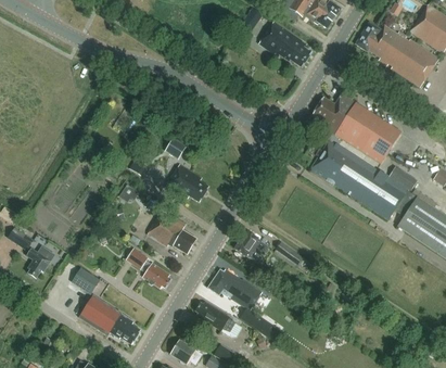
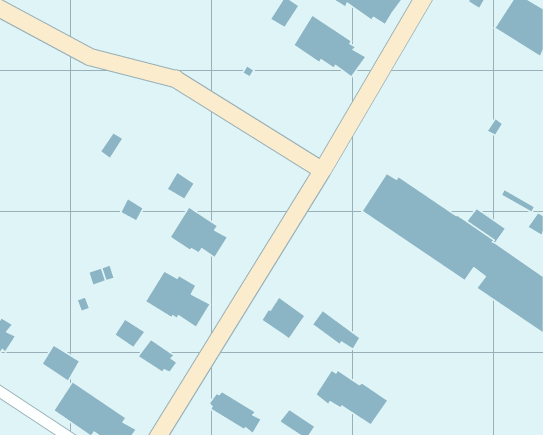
building: [354,23,438,87] -> none
building: [314,93,400,164] -> none
building: [208,269,263,310] -> [316,370,388,425]

